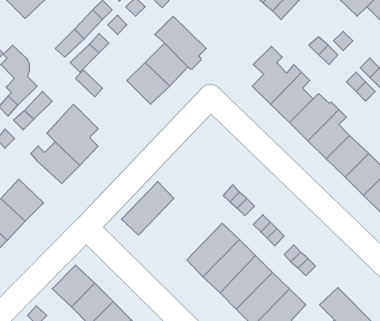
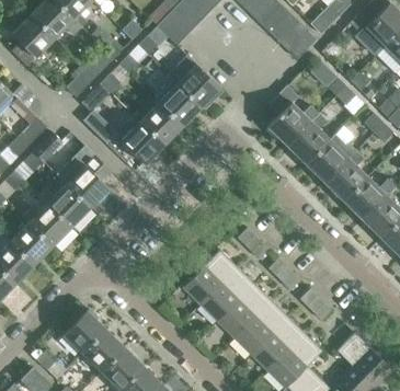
building: none -> [121,116,163,165]
building: none -> [23,204,72,246]
building: [121,181,174,235] -> [183,250,237,304]

